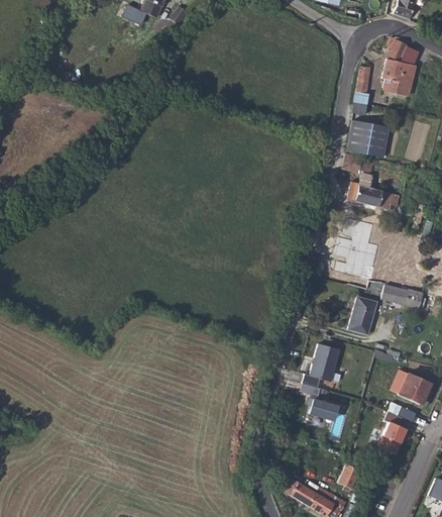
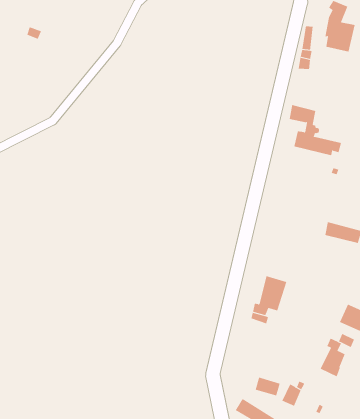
building: [349,122,389,158] -> none
building: [333,218,379,278] -> none
building: [349,298,376,334] -> none
building: [309,398,337,419] -> [255,377,281,396]

